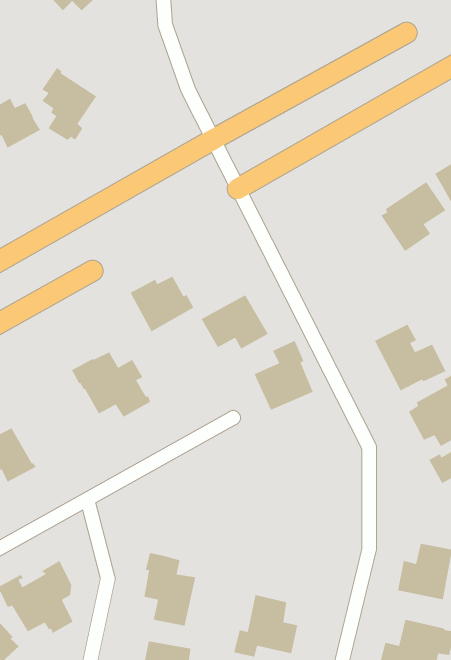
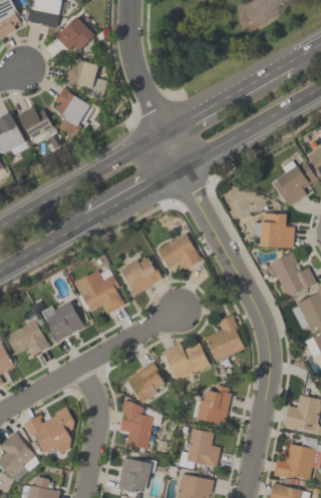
building: none -> [63,59,107,99]
building: none -> [260,213,294,247]
building: [130,275,195,333] -> [120,258,163,295]
building: [253,340,314,411] -> [205,315,244,361]
building: none -> [42,302,83,342]
building: none -> [163,343,209,381]
building: none -> [122,362,165,403]
building: none -> [196,385,230,424]

